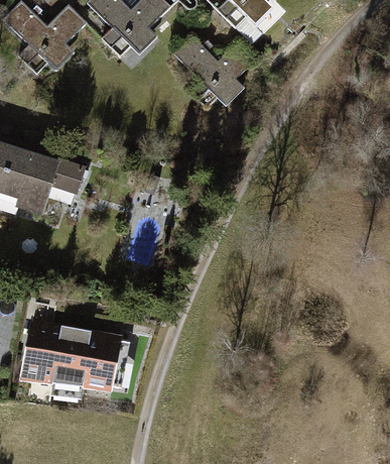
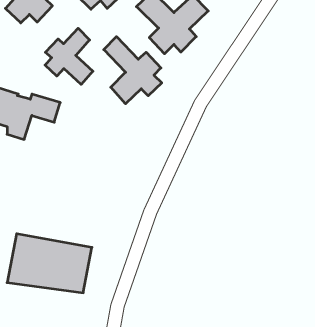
building: none -> [45,28,93,84]
building: none -> [104,37,162,104]

